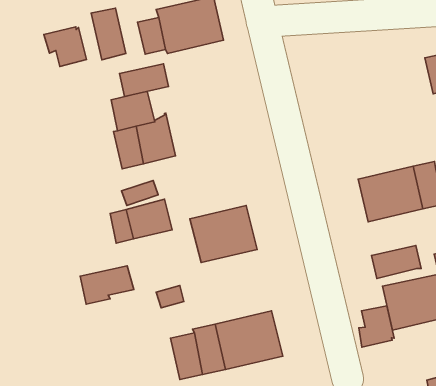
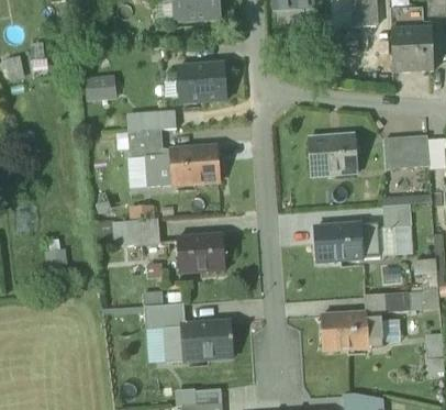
building: [91,8,126,60] -> none
building: none -> [309,135,357,175]
building: none -> [171,146,220,186]
building: [372,245,421,278] -> none
building: [80,266,134,304] -> [145,303,186,329]
building: [359,306,394,347] -> none

